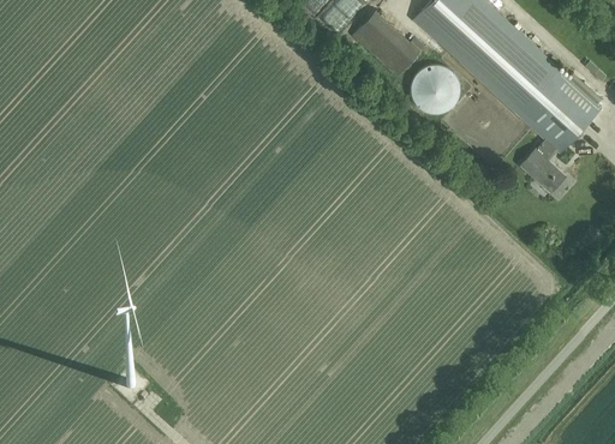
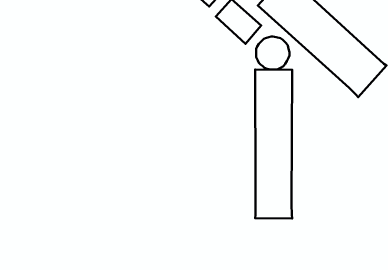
building: none -> [255,69,292,219]
building: [521,139,566,193] -> none

